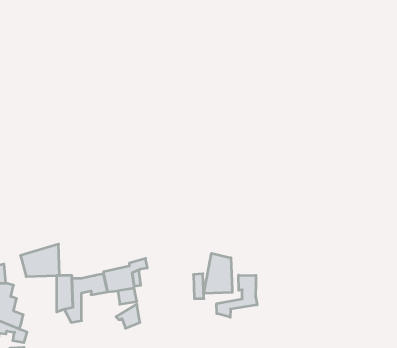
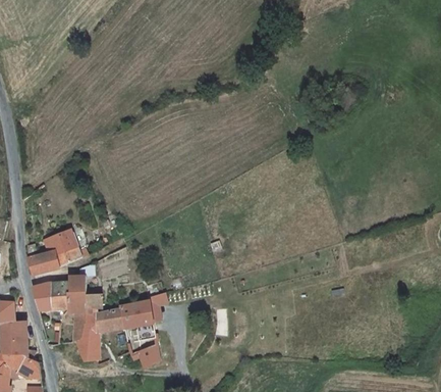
building: none -> [34,228,75,277]
building: none -> [72,276,102,313]
building: [204,253,232,294] -> none
building: [217,275,257,317] -> none

